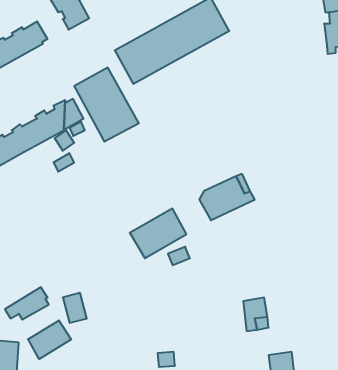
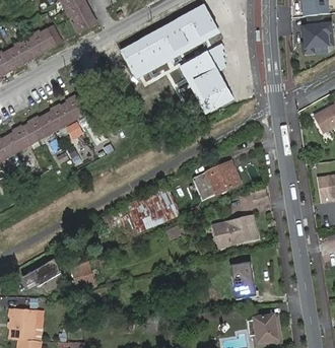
building: [74,68,139,142] -> [178,51,234,116]
building: none -> [214,217,257,247]
building: [28,320,71,359] -> none

